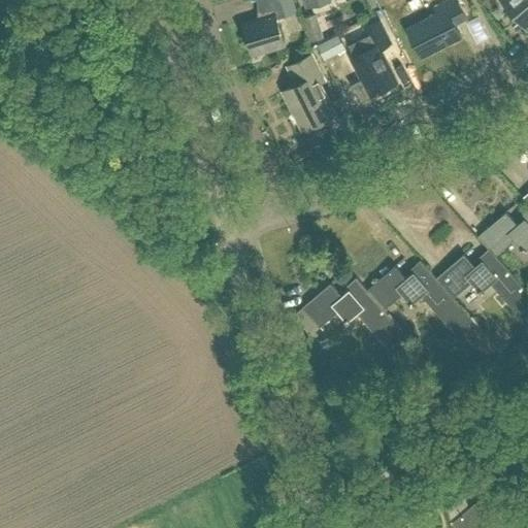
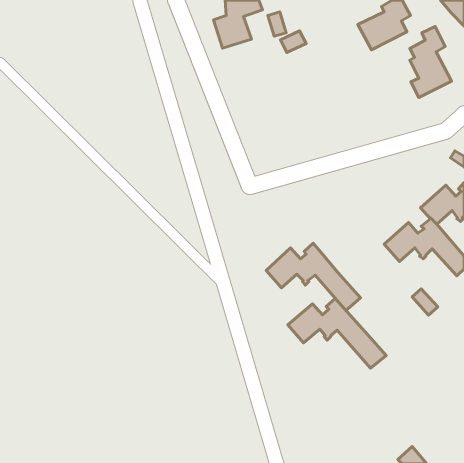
building: [351,21,398,101] -> [410,27,452,97]
building: [283,54,336,131] -> none
building: [366,260,477,339] -> [288,298,386,368]

